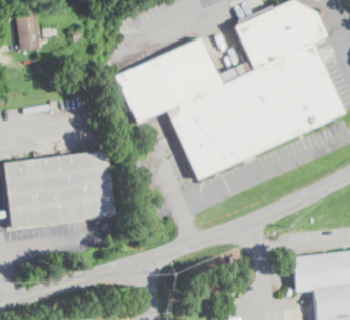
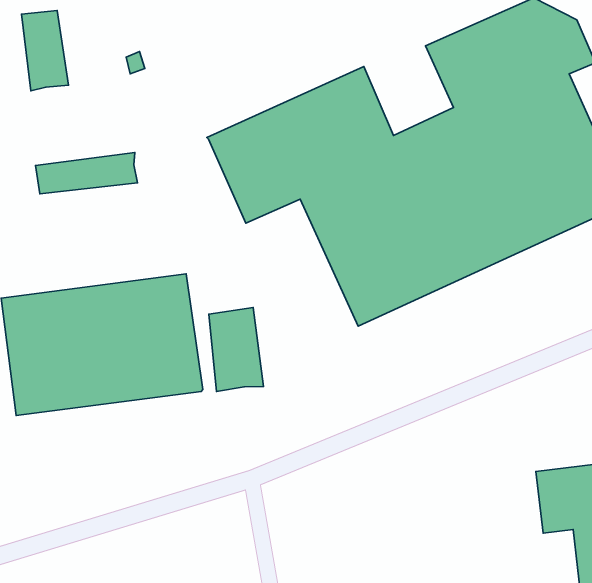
building: none -> [35,152,137,194]
building: none -> [209,308,263,392]

